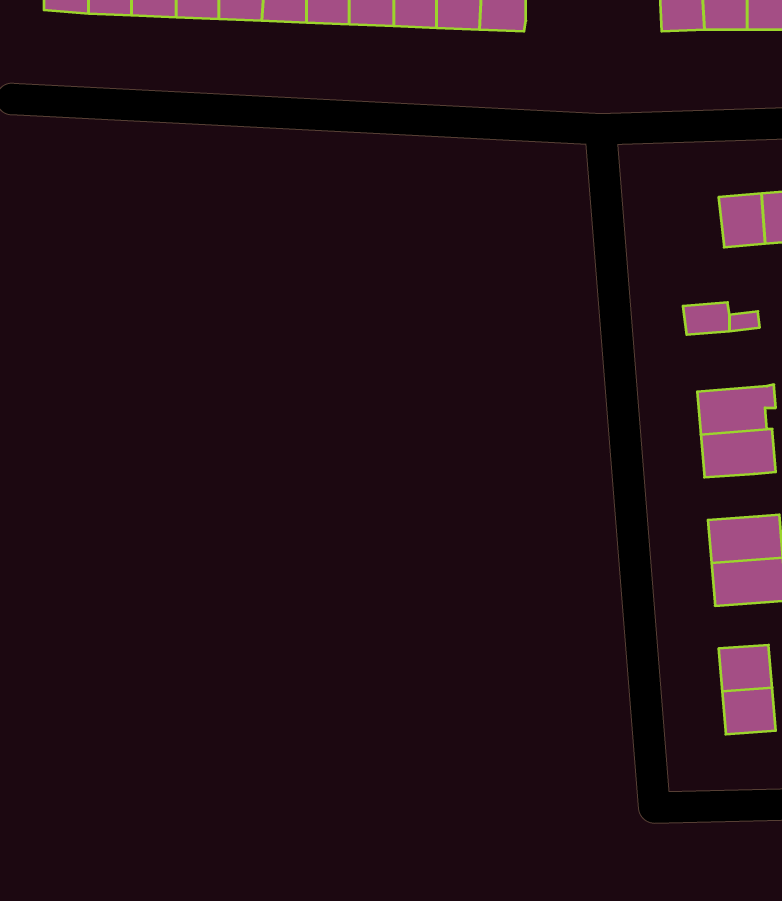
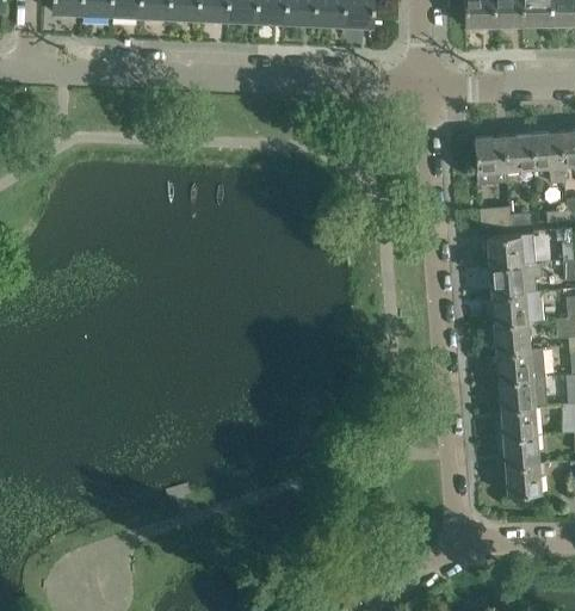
building: none -> [475,136,507,184]
building: none -> [487,233,536,266]
building: none -> [494,321,530,352]
building: none -> [501,407,537,438]

